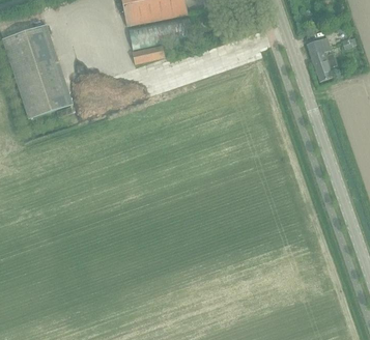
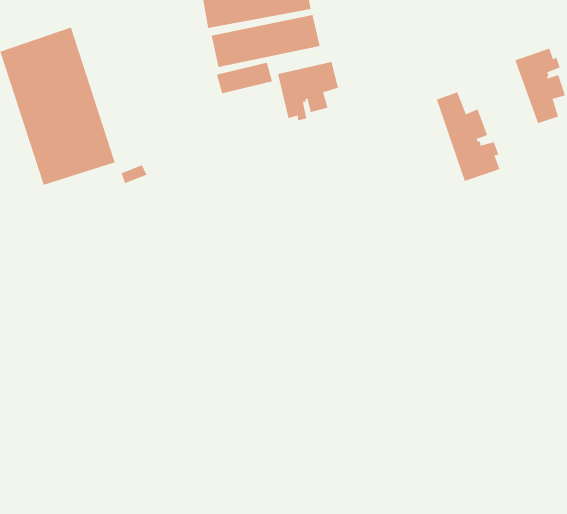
building: none -> [277,61,338,121]
building: none -> [436,91,500,182]

